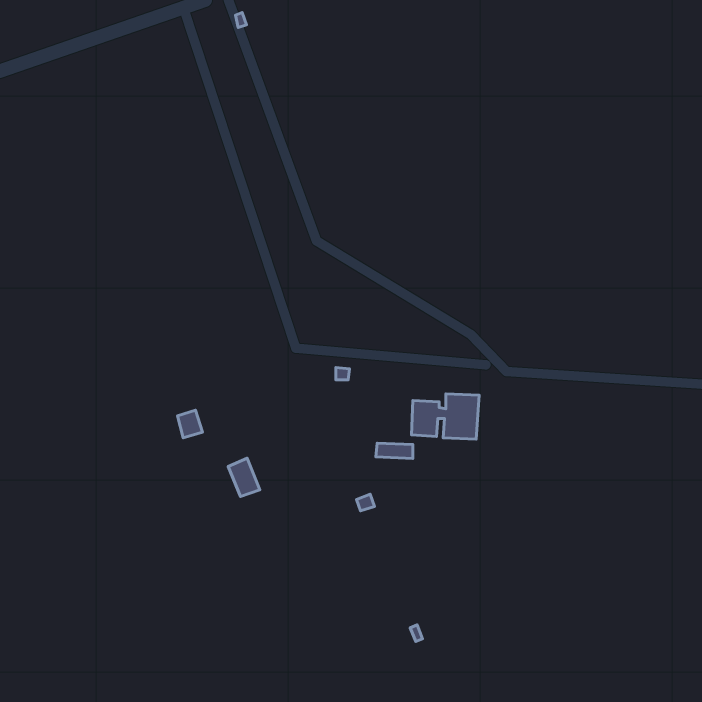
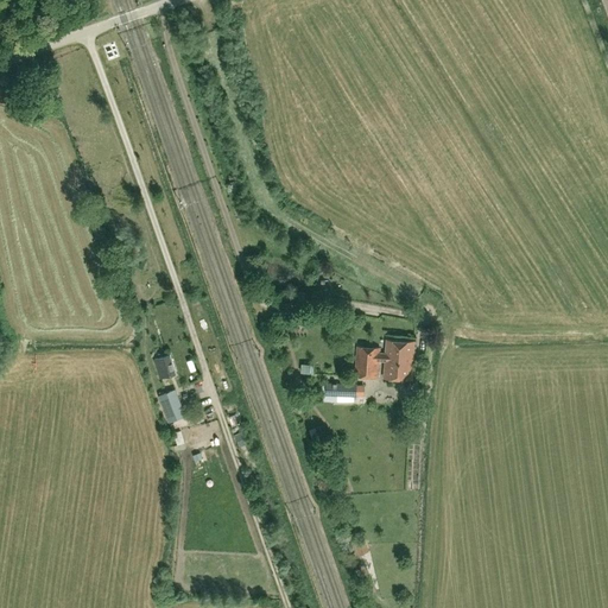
building: [228,458,260,497] -> [157,390,184,423]

